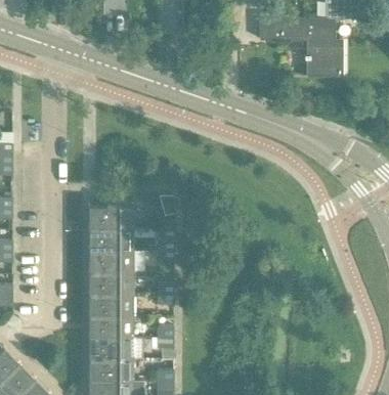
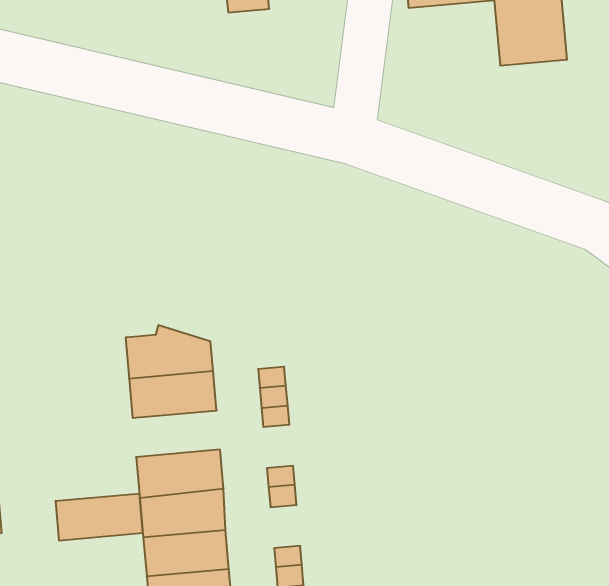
building: [88,249,134,270] -> [55,494,143,540]

